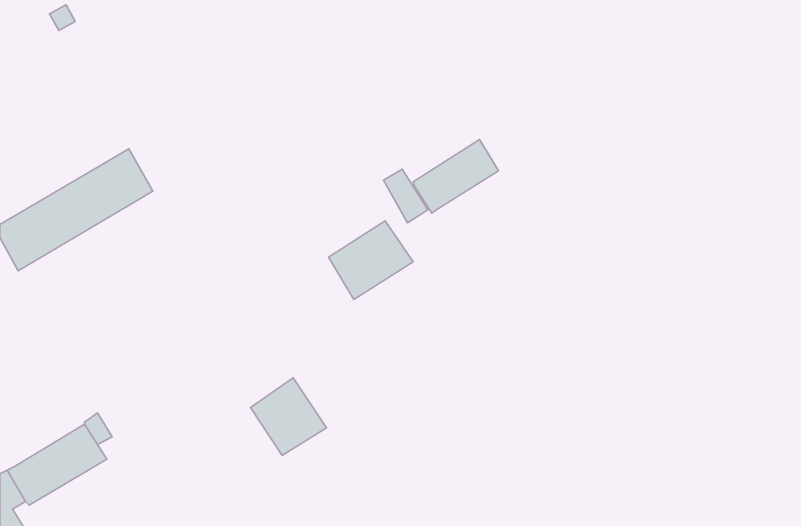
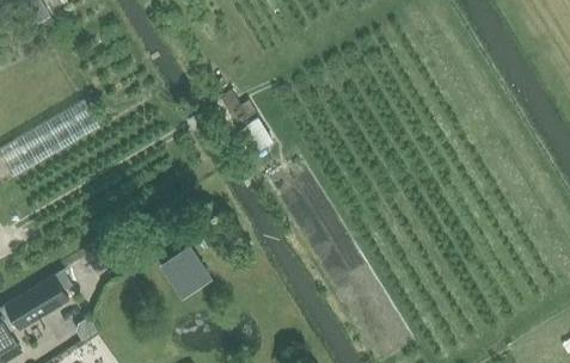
building: [413,139,498,213] -> none
building: [328,221,413,300] -> none

